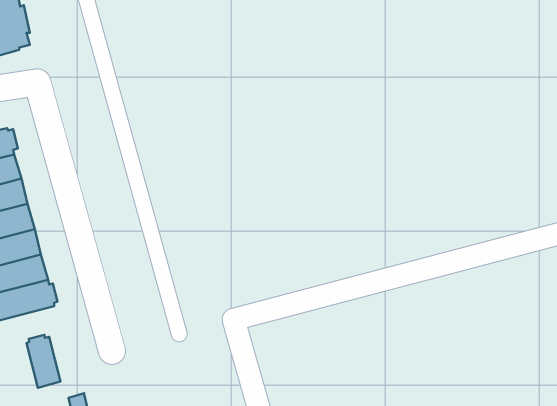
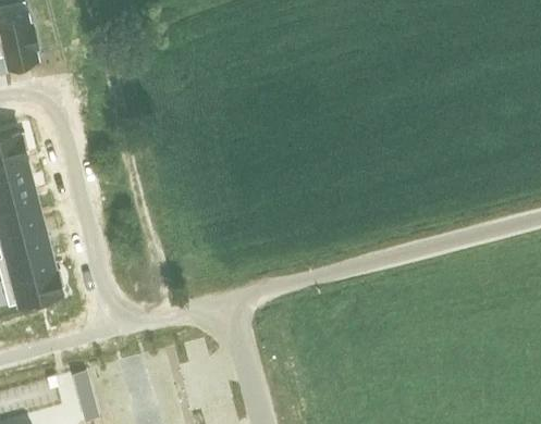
building: [26,335,61,388] -> none

